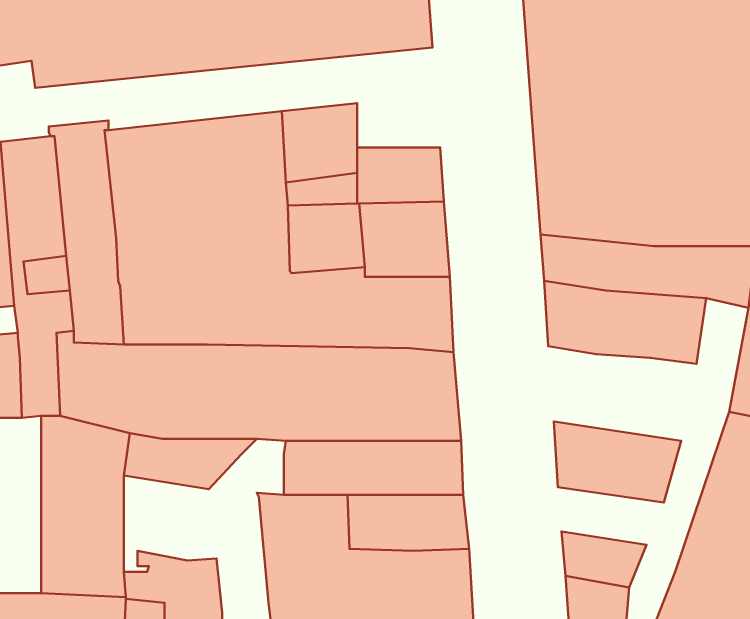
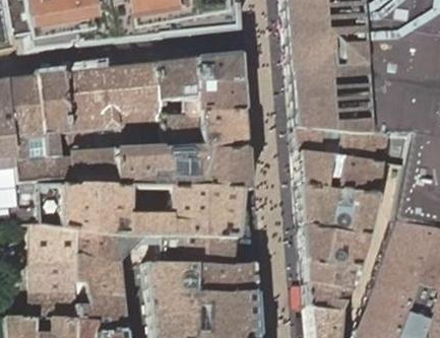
building: none -> [200,53,244,80]
building: none -> [301,185,379,234]
building: none -> [77,253,126,297]
building: none -> [306,259,362,289]

